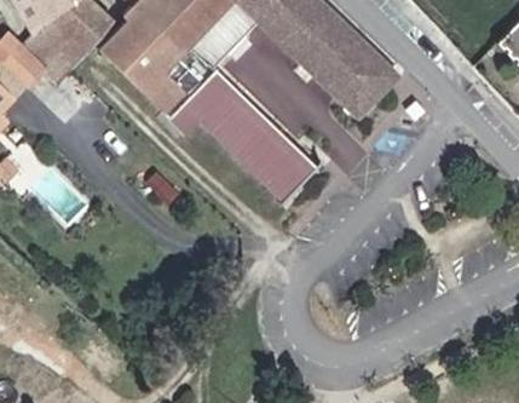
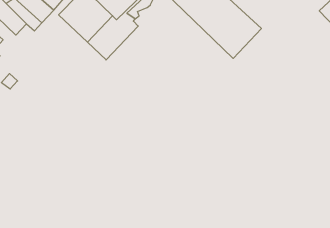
building: [171,71,321,202] -> none

